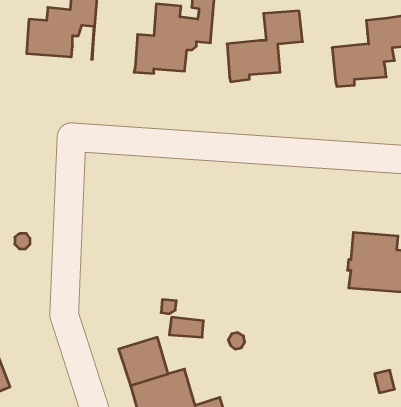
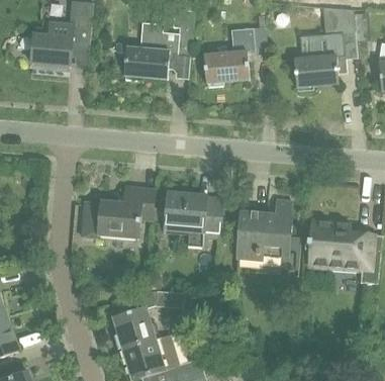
building: none -> [82,185,154,237]
building: none -> [164,192,222,246]
building: none -> [236,198,300,269]

